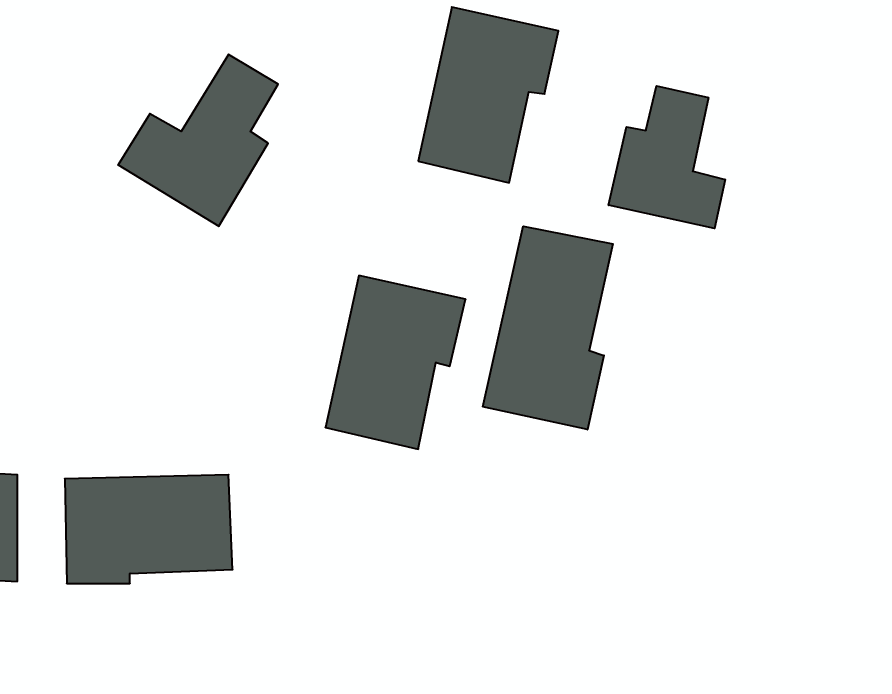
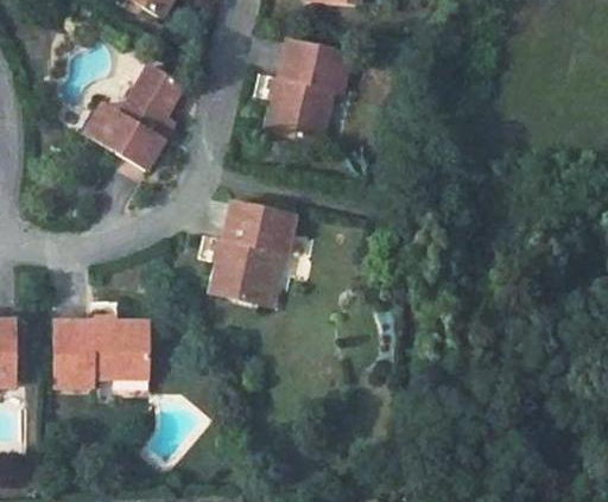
building: [609,86,725,228] -> none
building: [483,226,613,430] -> none

